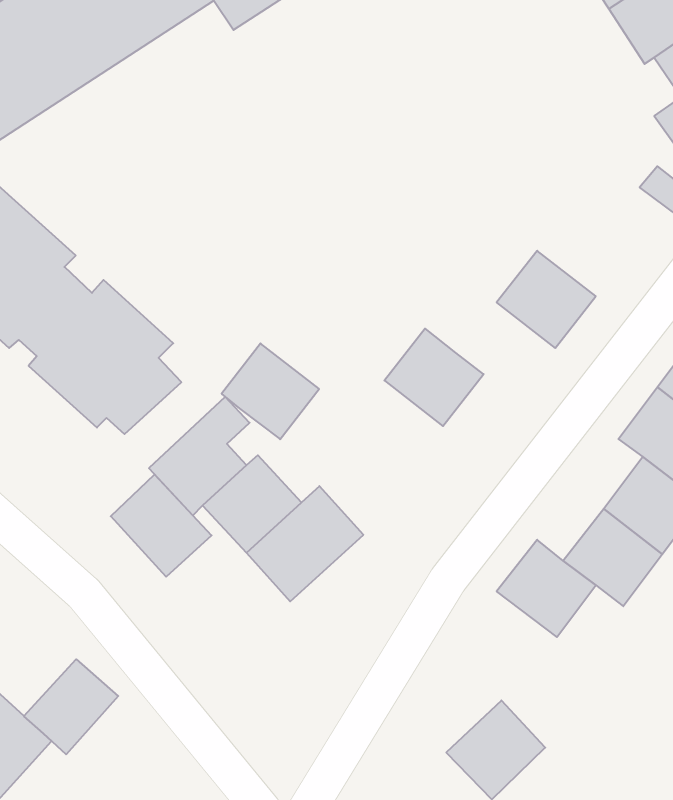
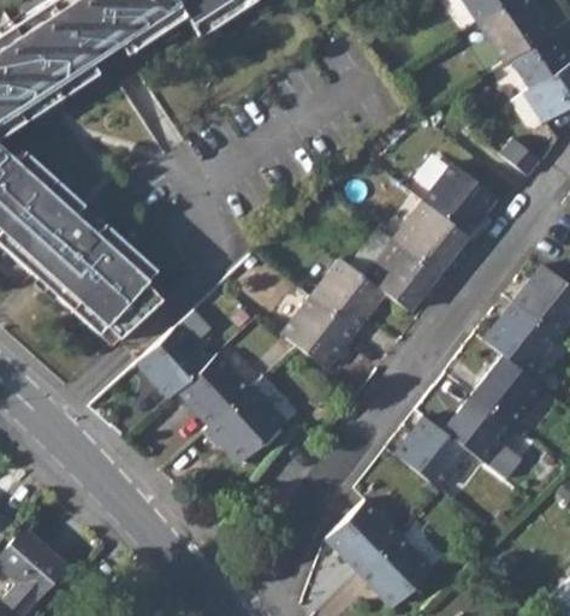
building: none -> [424,164,497,235]
building: none -> [364,239,438,310]
building: [222,343,319,439] -> [283,297,355,368]
building: [111,475,212,577] -> none
building: none -> [325,499,398,573]
building: [24,659,118,754] -> none

